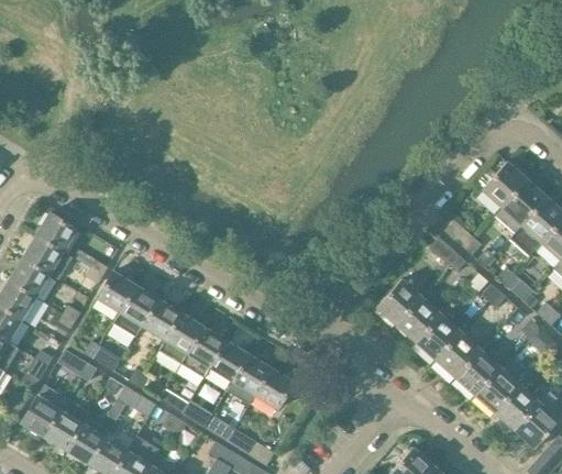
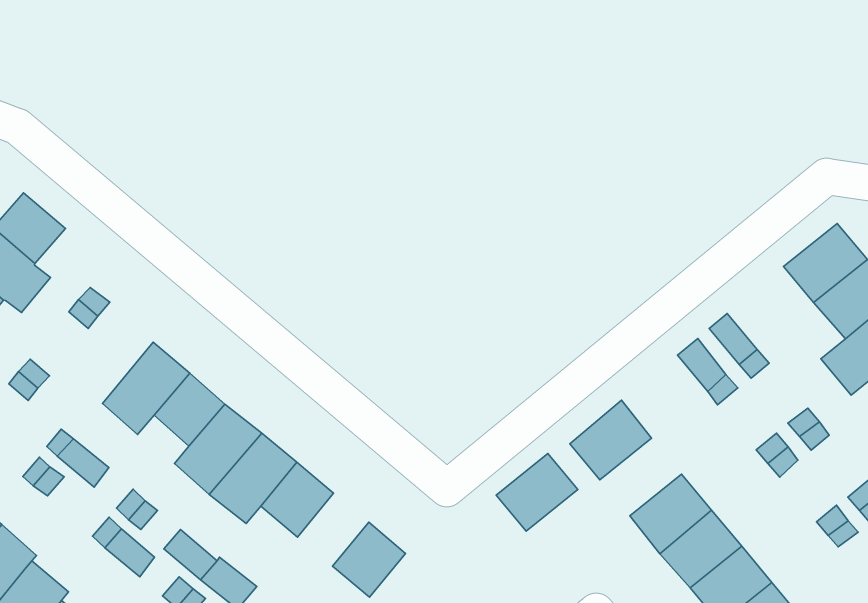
building: [97,273,135,313] -> none
building: [396,298,441,343] -> [496,454,578,531]
building: [232,355,271,396] -> none

